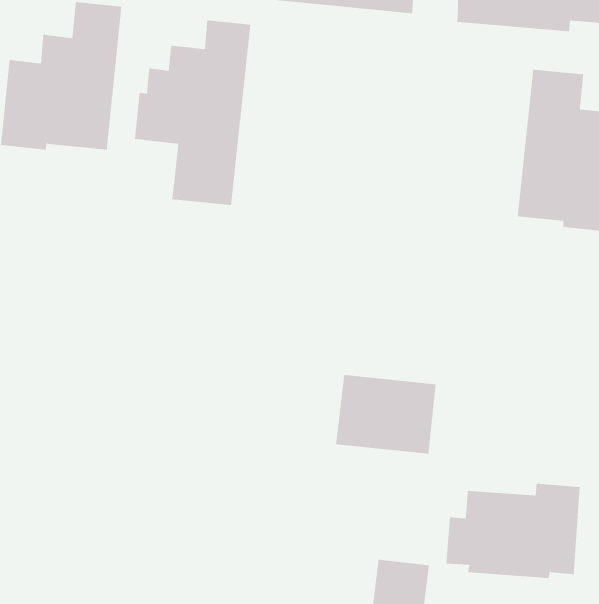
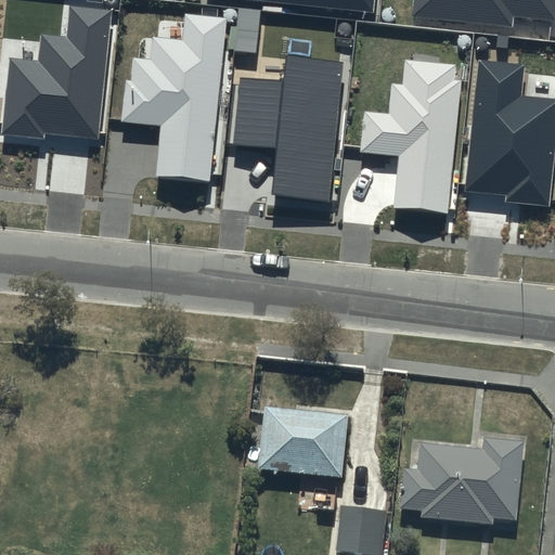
building: none -> [232,53,344,198]
building: none -> [360,66,456,219]
building: [335,374,436,454] -> [258,405,349,477]

